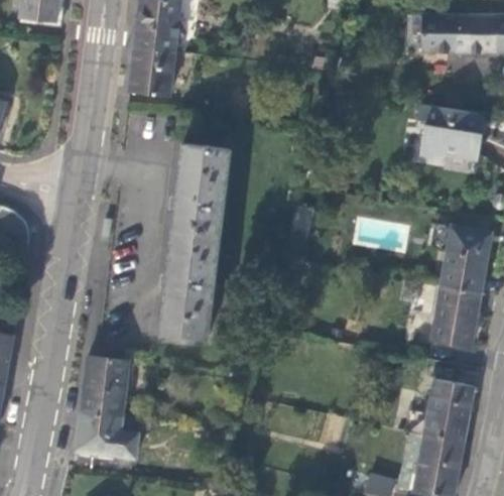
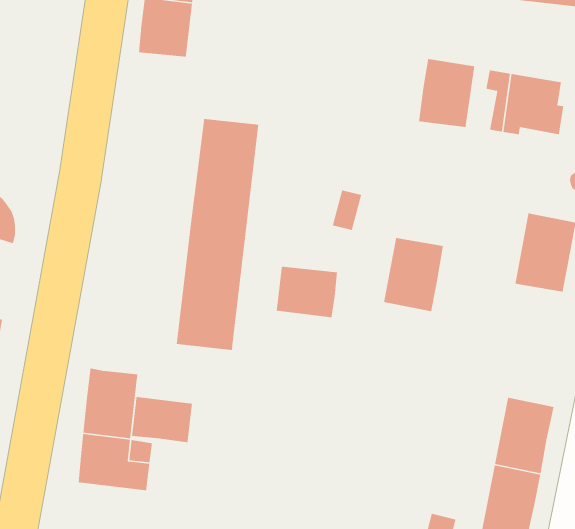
building: none -> [418,58,475,128]
building: none -> [276,266,338,318]
building: [431,285,482,348] -> [383,237,444,312]
building: none -> [131,396,193,443]

